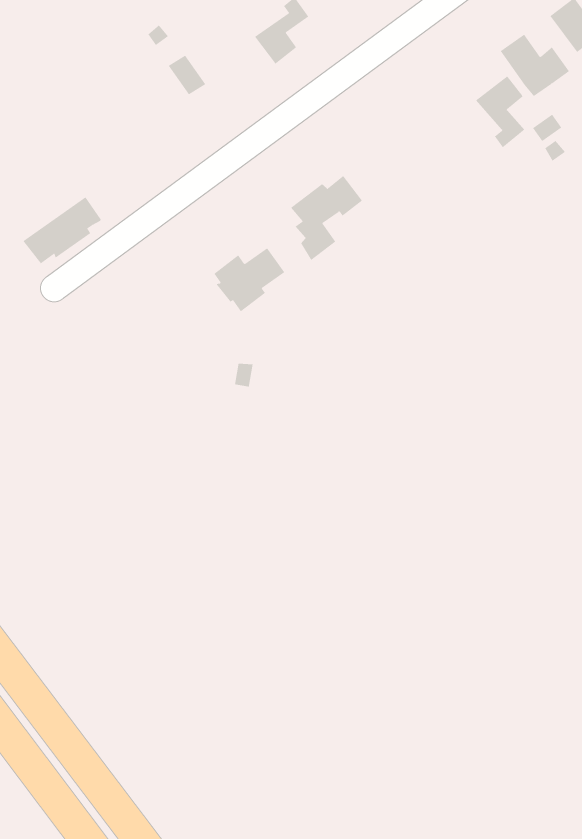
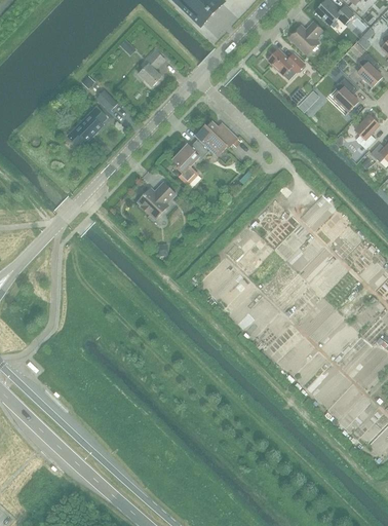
building: [475,76,525,148] -> none
building: none -> [195,121,237,156]
building: [22,196,102,264] -> [68,107,107,146]

